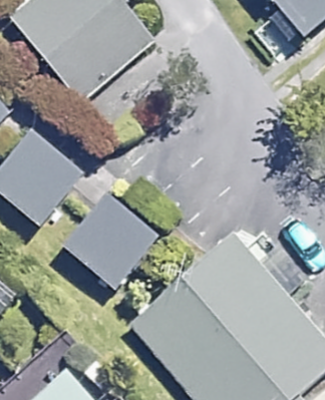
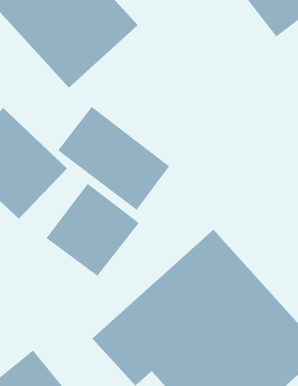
building: none -> [57,106,170,211]

